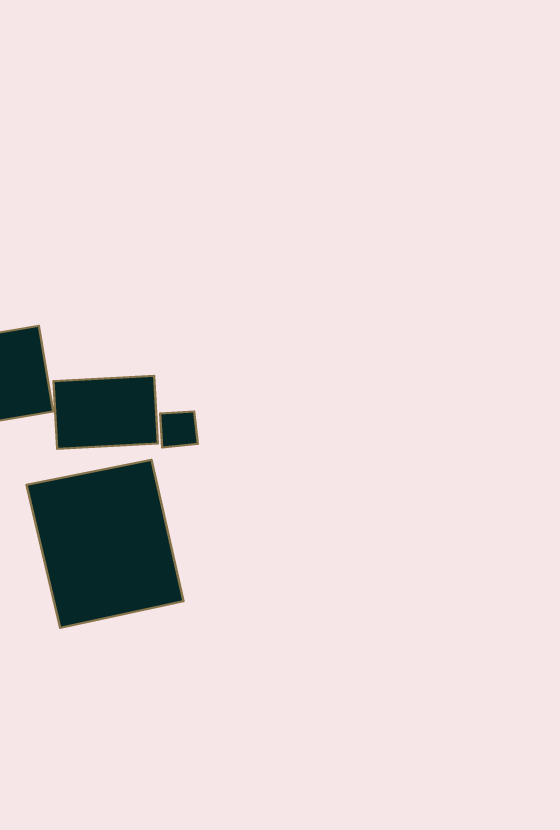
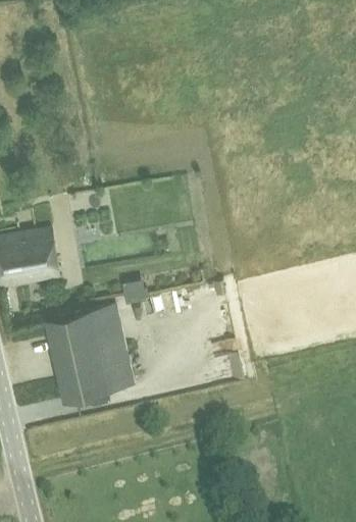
building: [54,376,158,449] -> none

